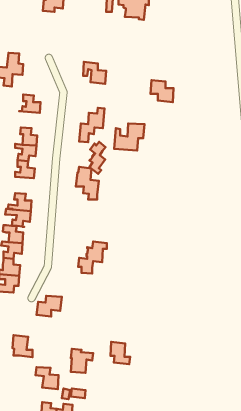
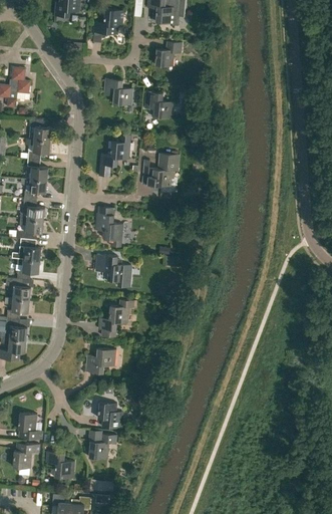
building: none -> [93,9,123,35]
building: none -> [155,42,183,67]
building: [151,80,174,102] -> [144,91,173,118]
building: none -> [25,139,51,160]
building: [89,142,106,174] -> none
building: none -> [16,219,44,240]
building: none -> [99,255,131,287]
building: [36,296,62,316] -> [85,348,116,373]
building: [110,342,130,364] -> [98,402,122,429]
building: none -> [13,443,39,476]

